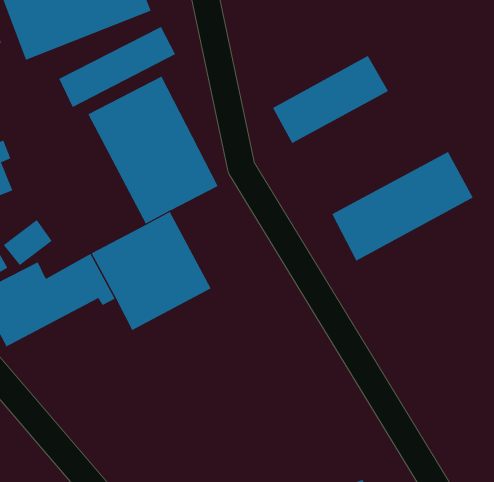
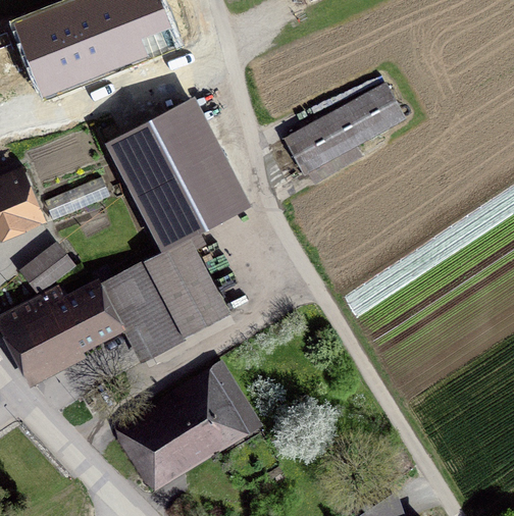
building: [58,26,176,108] -> none
building: [331,151,473,261] -> none
building: none -> [127,374,253,477]

